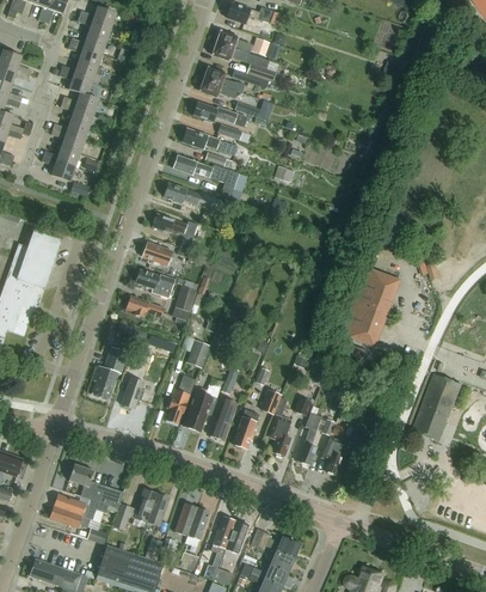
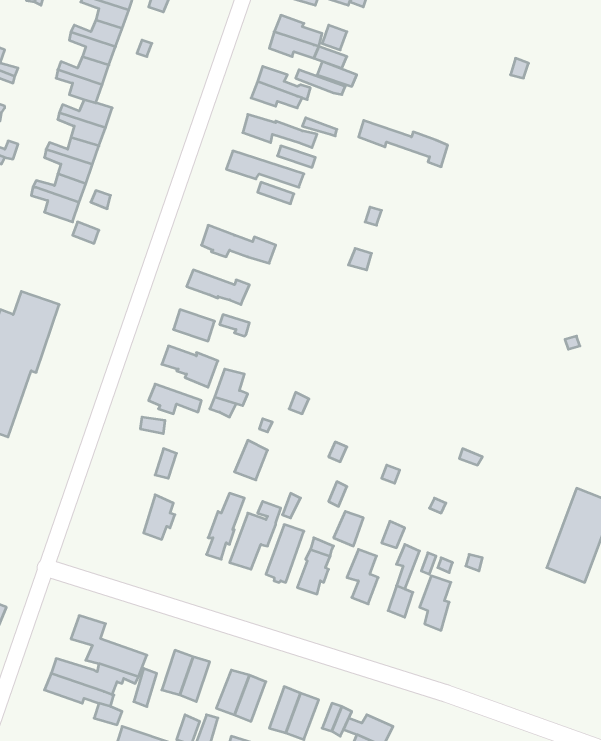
building: [173,155,238,189] -> [359,120,448,167]
building: [343,266,400,344] -> none
building: [92,347,128,399] -> none

